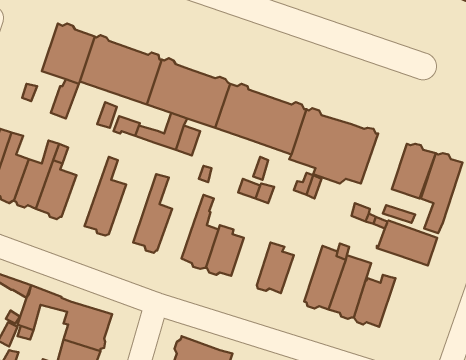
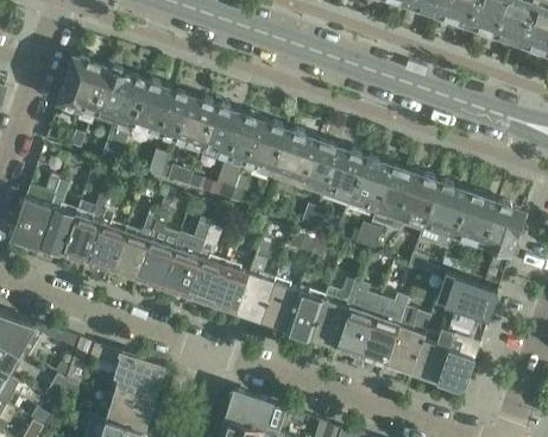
building: none -> [58,57,107,120]
building: none -> [417,182,466,248]
building: none -> [111,210,157,277]
building: none -> [159,220,208,294]
building: none -> [209,260,247,311]
building: none -> [336,283,379,356]
building: none -> [285,289,326,338]
building: none -> [437,307,487,389]

